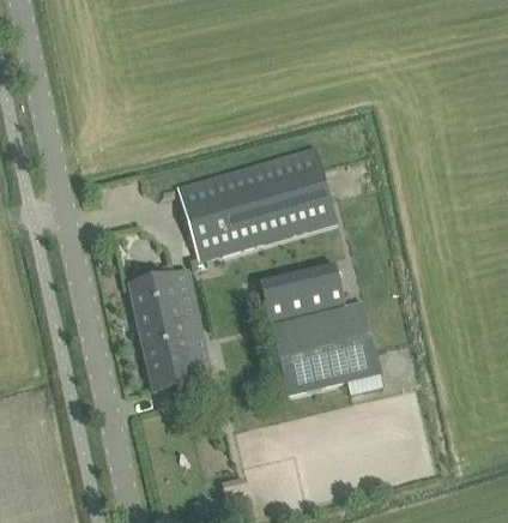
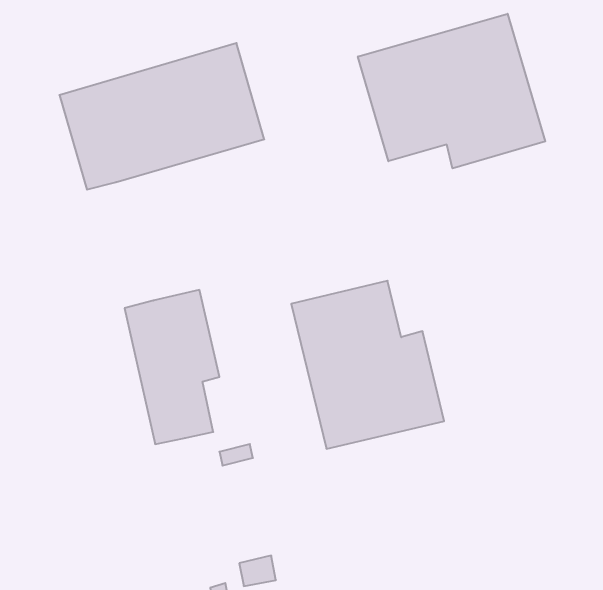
building: none -> [358,14,545,168]
building: [177,146,338,262] -> [59,43,264,190]

